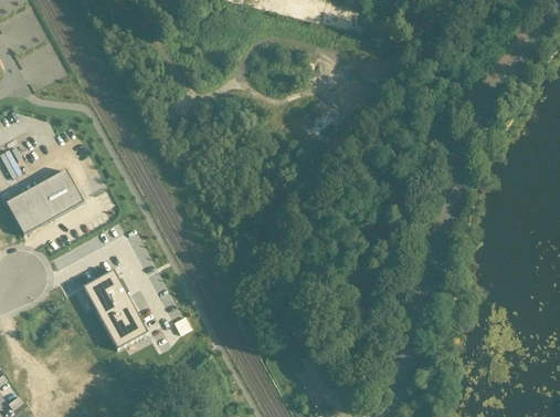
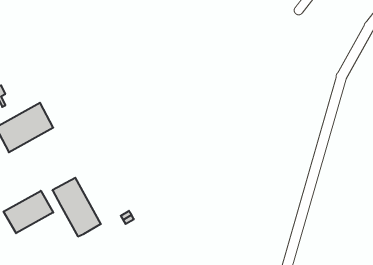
building: none -> [4,191,53,233]

